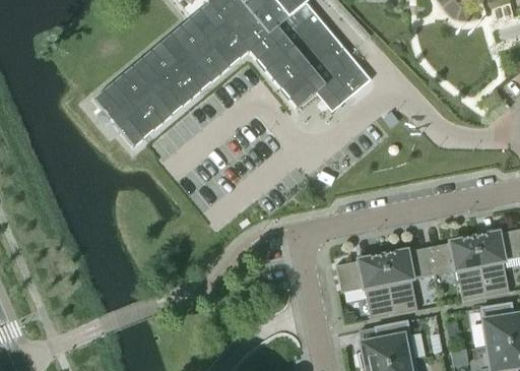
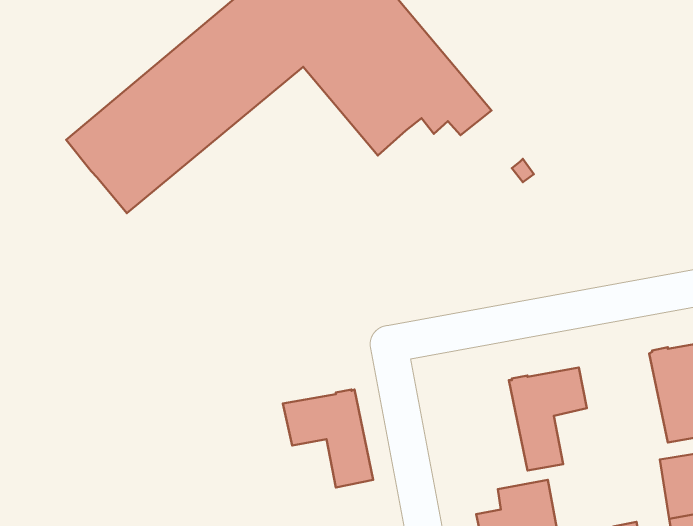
building: [428,237,485,301] -> none
building: [335,255,394,319] -> [283,389,373,488]

